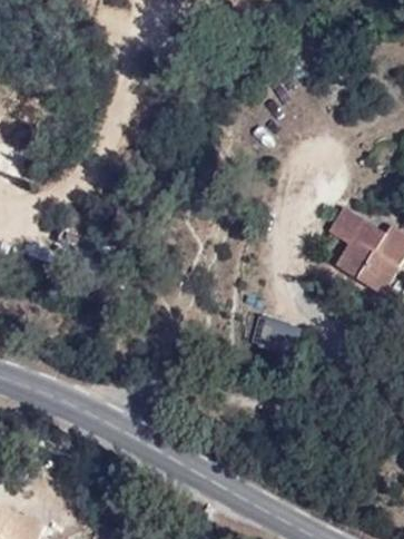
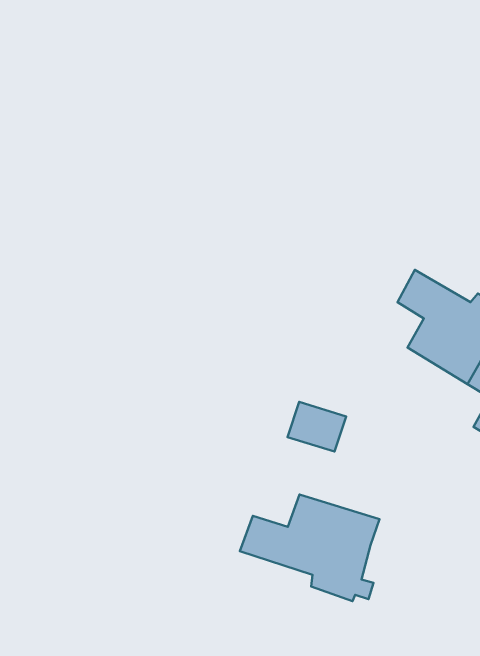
building: none -> [240,495,380,601]

